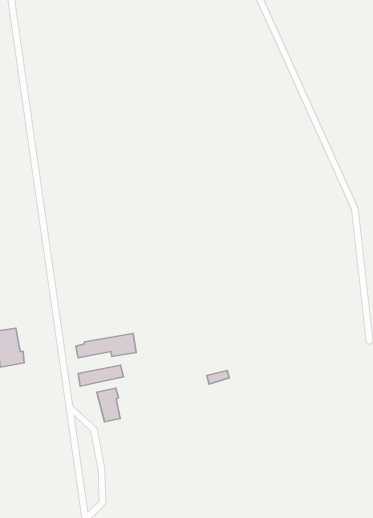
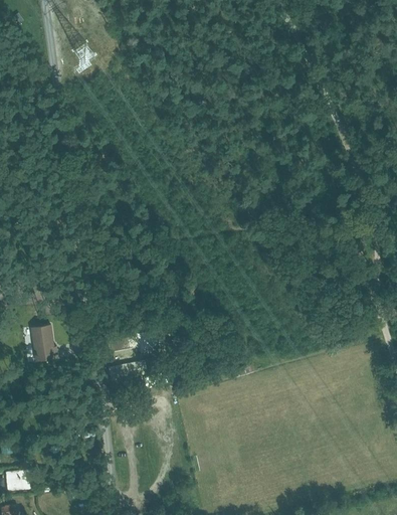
building: [97,388,120,422] -> none

